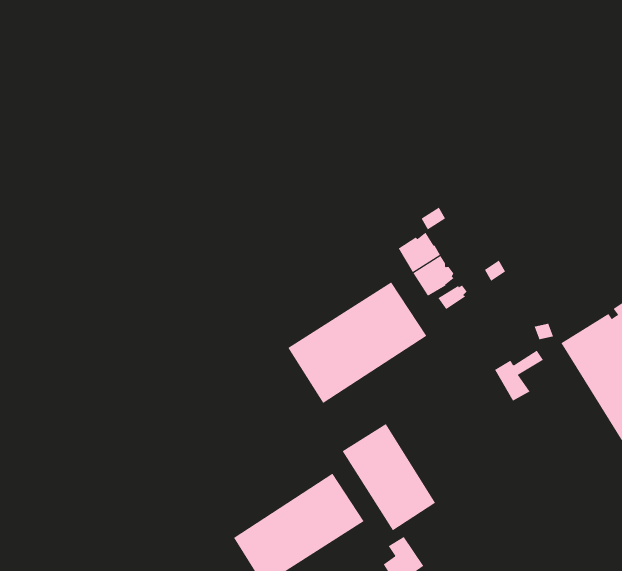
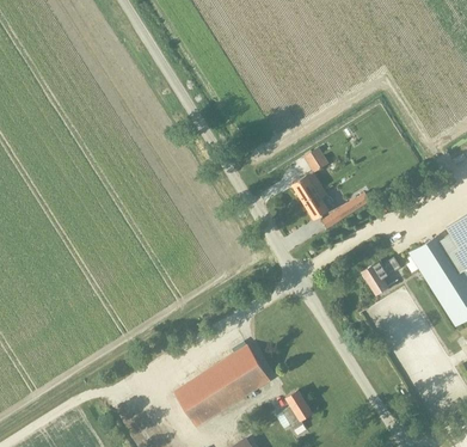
building: [288,282,427,404] -> none
building: [342,423,436,531] -> none

